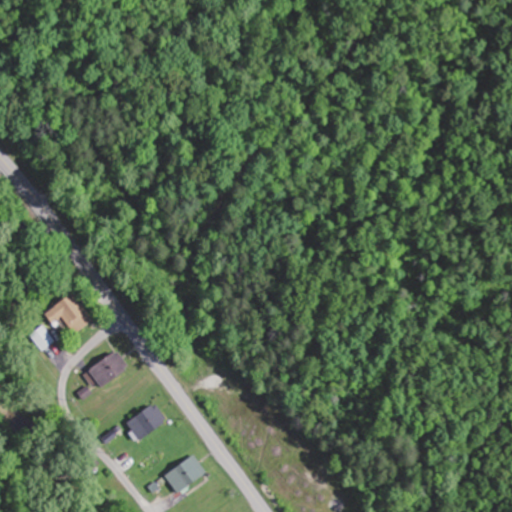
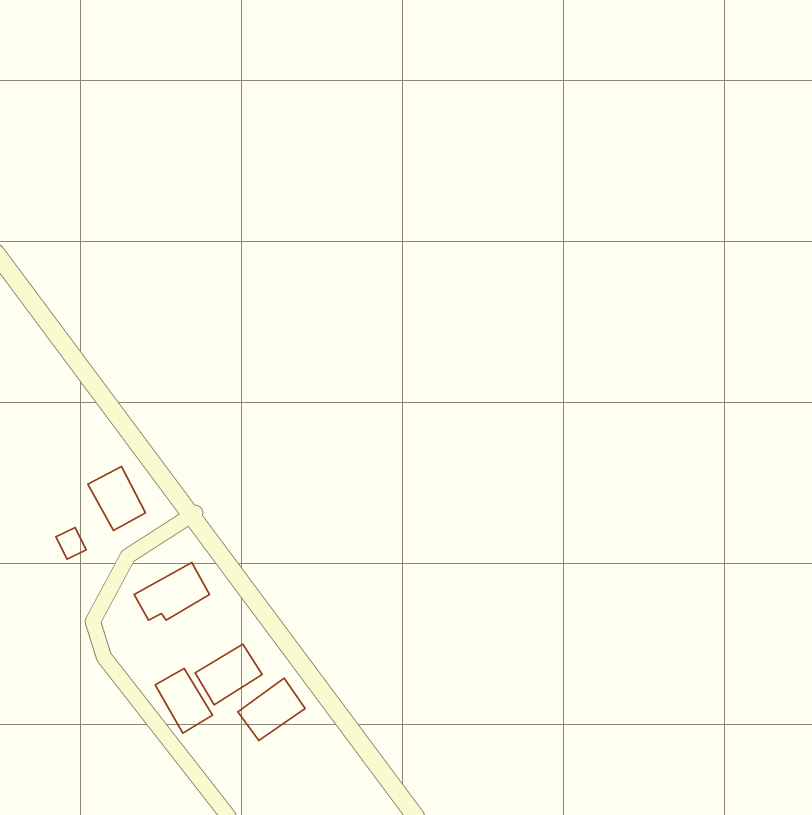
building: none -> [155,668,212,733]
building: [160,455,202,494] -> [238,678,305,740]

